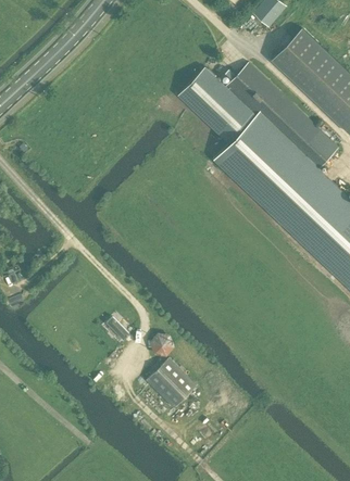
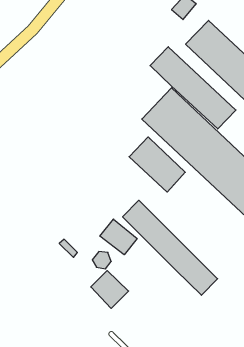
building: [178,68,252,141] -> [129,137,185,192]
building: none -> [123,200,218,295]
building: none -> [100,219,137,255]

